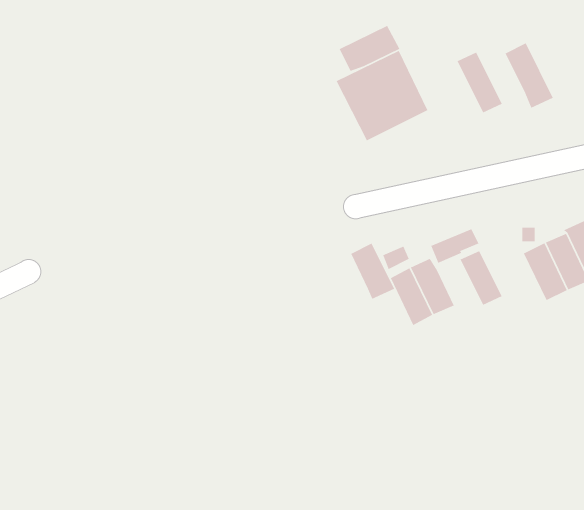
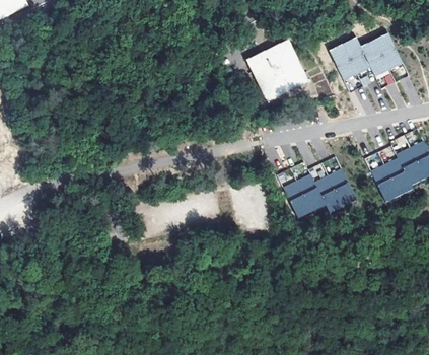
building: [338,25,401,72] -> none
building: none -> [371,28,403,71]
building: none -> [339,33,370,75]
building: [350,242,395,300] -> [313,176,343,214]

